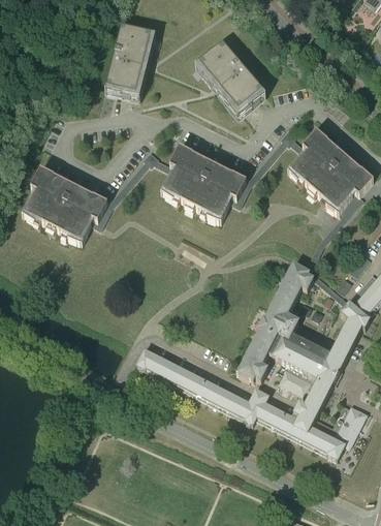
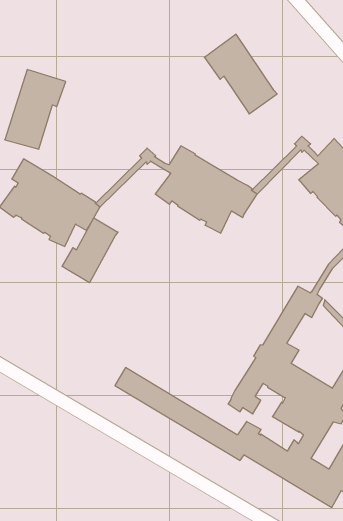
building: [105,26,156,96] -> [5,70,66,149]
building: none -> [62,218,118,283]

